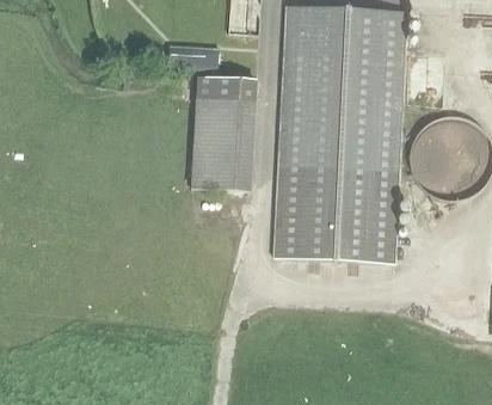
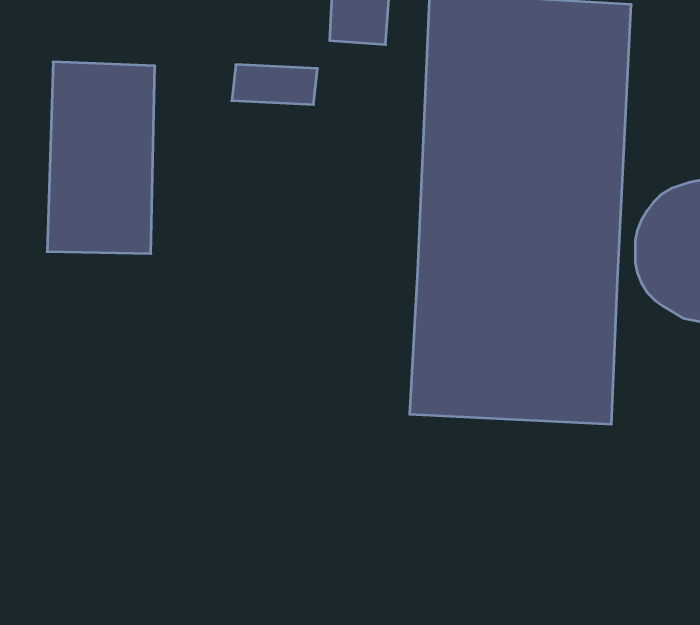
building: [191,72,256,186] -> [47,62,155,254]

